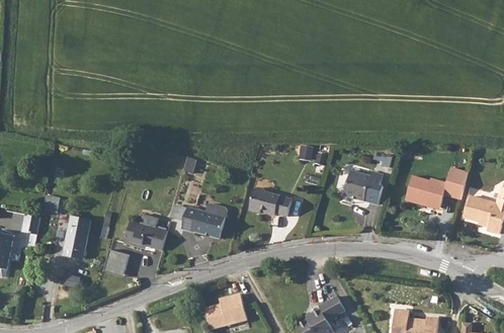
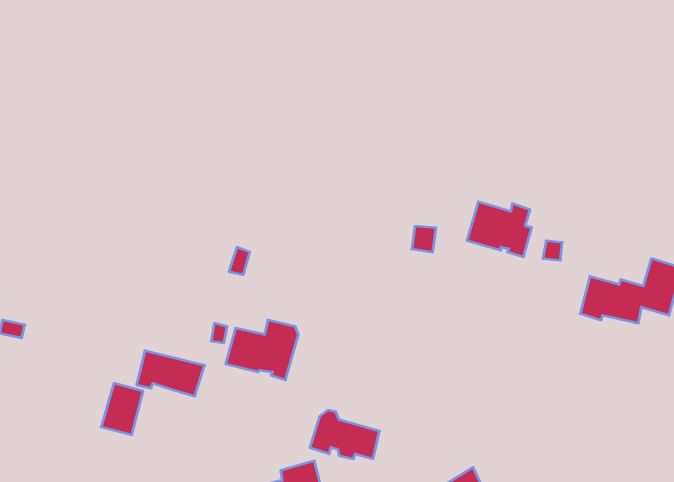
building: [345,170,386,204] -> [467,202,532,257]
building: [248,186,291,217] -> [310,410,380,459]
building: [62,217,89,259] -> none

